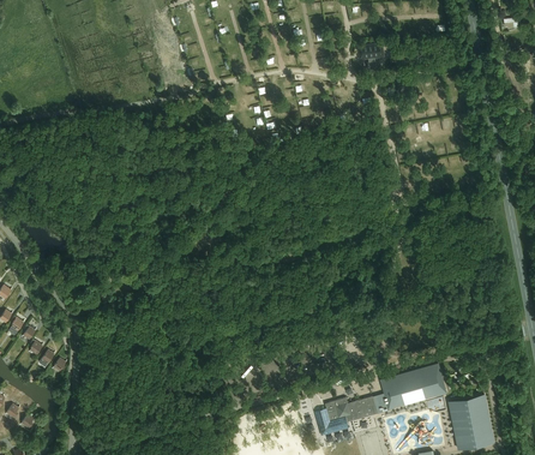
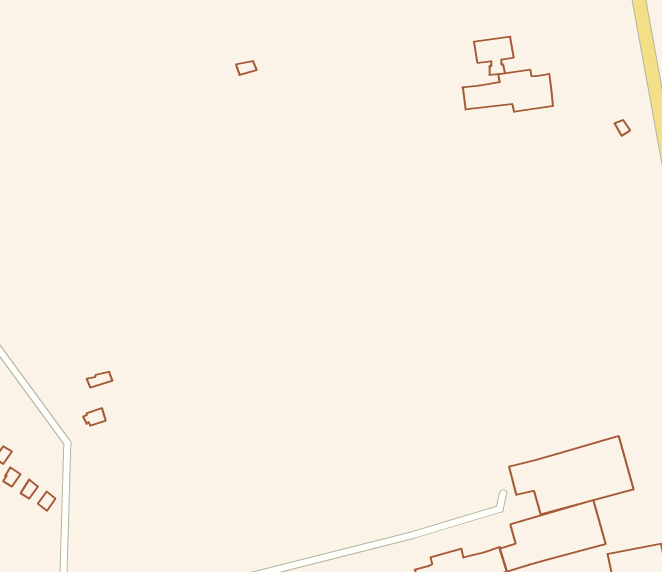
building: none -> [463,70,553,112]
building: none -> [509,436,633,514]

